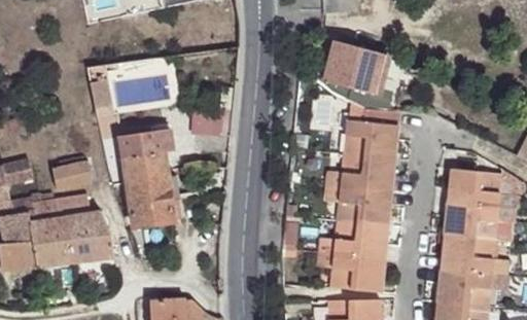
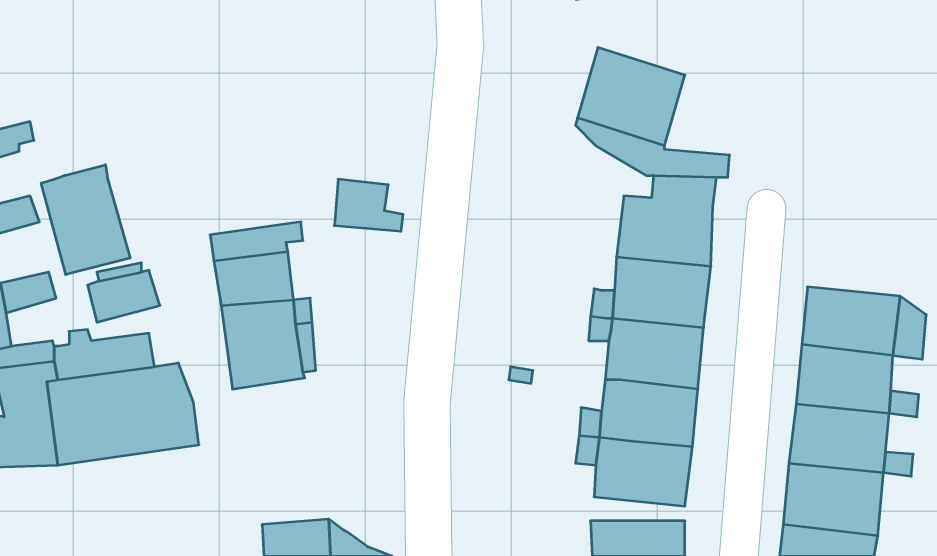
building: none -> [41,165,130,275]

